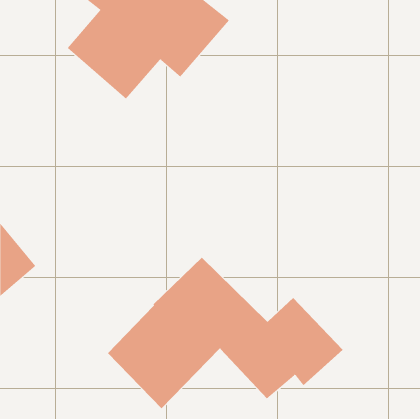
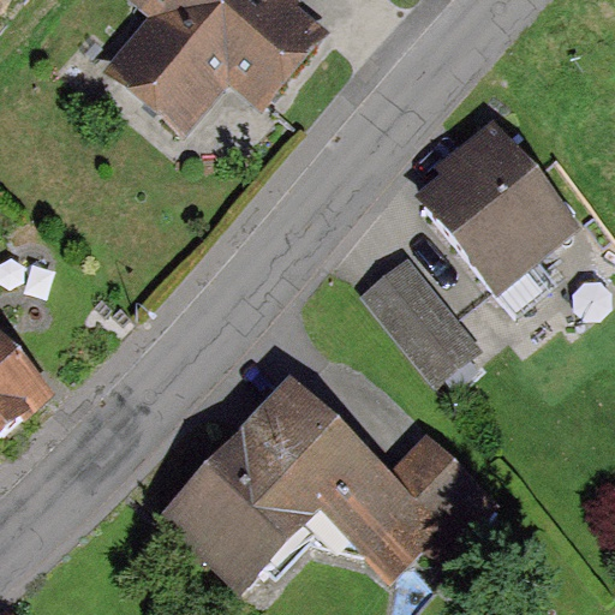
building: none -> [414,114,578,291]
building: none -> [358,257,478,386]

